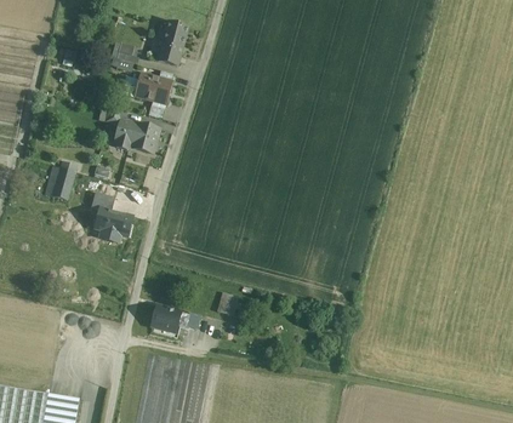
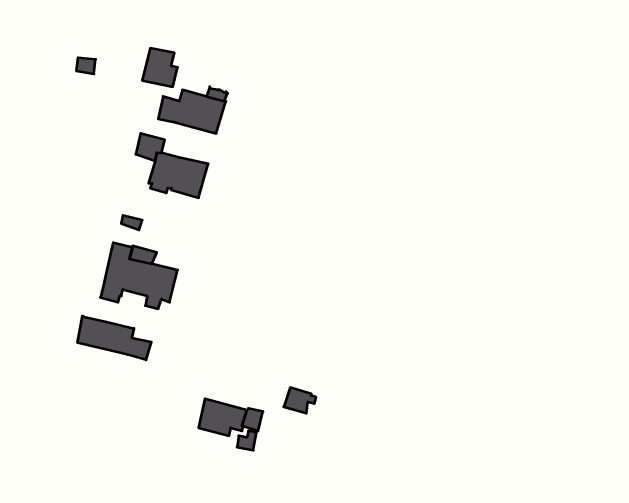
building: [158,22,187,67] -> none
building: [44,166,74,201] -> none
building: none -> [78,316,151,360]

